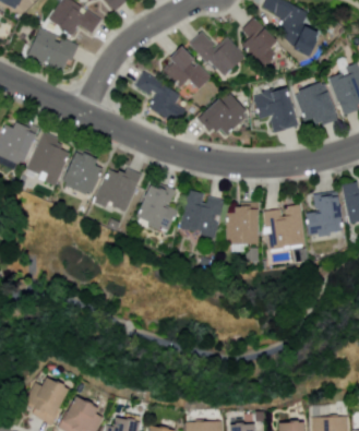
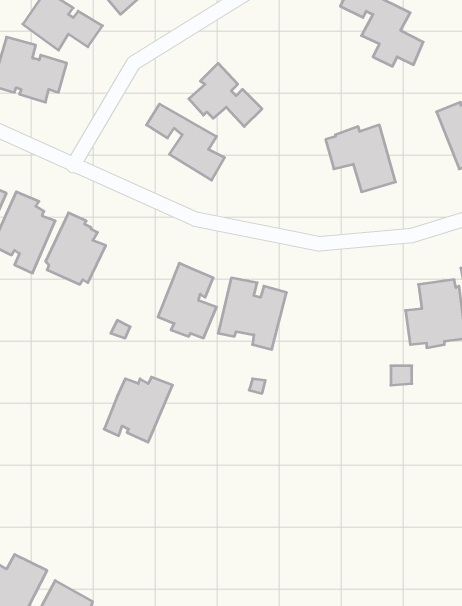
building: [242,16,279,63] -> none
building: [189,31,246,79] -> none
building: [295,82,339,128] -> none
building: [203,93,249,132] -> none
building: [98,168,144,212] -> [104,377,173,442]
building: [228,205,262,243] -> none
building: [266,205,307,249] -> none

